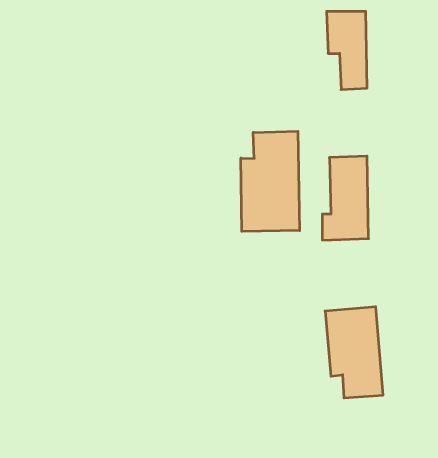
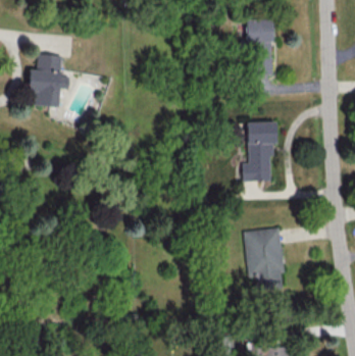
building: none -> [29,55,69,107]
building: [241,131,300,231] -> none

